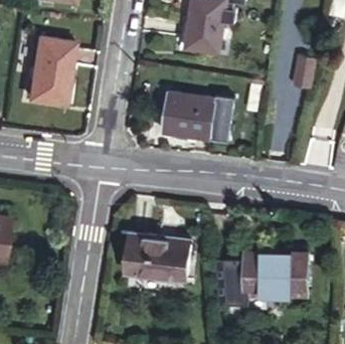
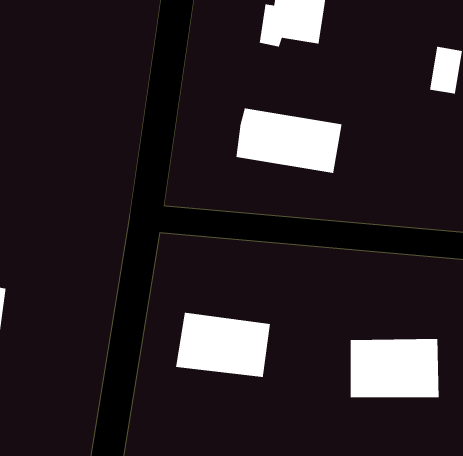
building: [31,40,76,105] -> none

